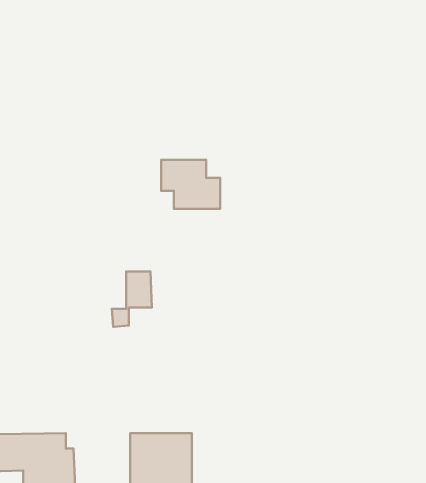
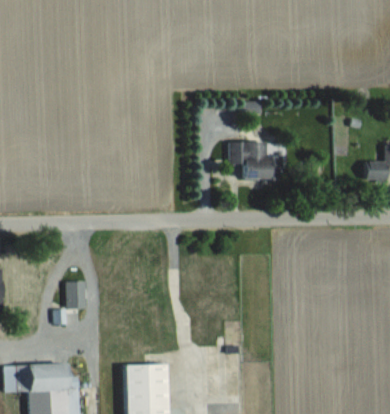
building: [161,160,220,209] -> [229,142,275,180]
building: [112,271,152,327] -> [55,281,86,324]

